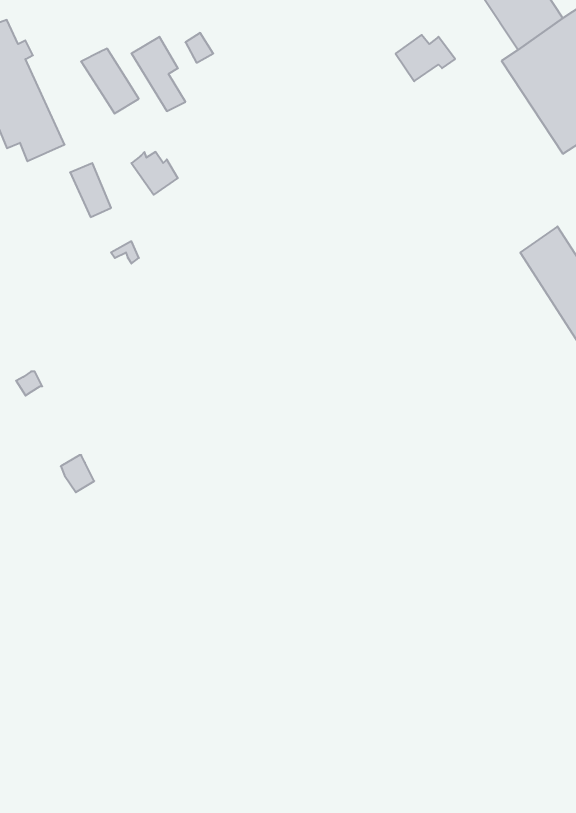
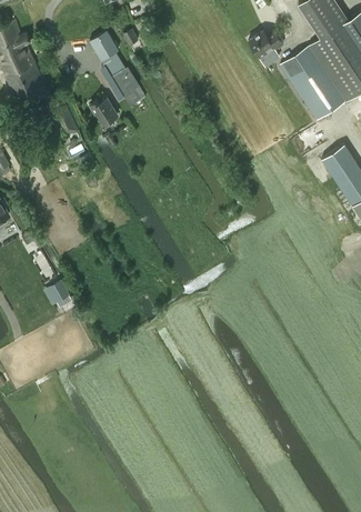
building: [81,49,139,114] -> [111,68,146,107]
building: none -> [280,46,348,121]

